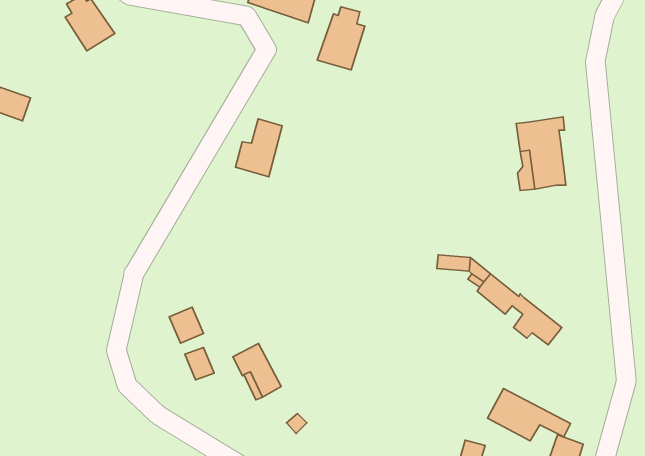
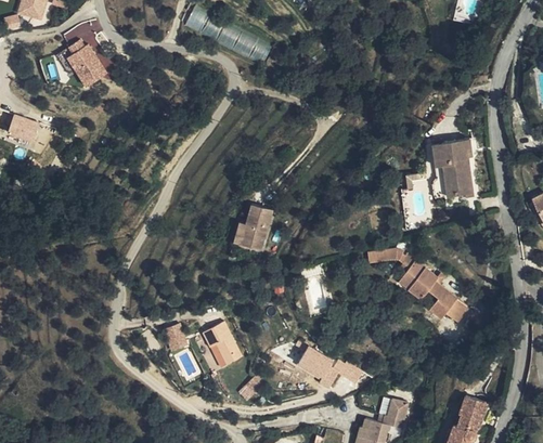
building: [317,7,365,70] -> none
building: [235,119,282,177] -> [234,203,272,249]
building: [169,307,203,343] -> none
building: [487,388,571,441] -> [295,344,362,387]

